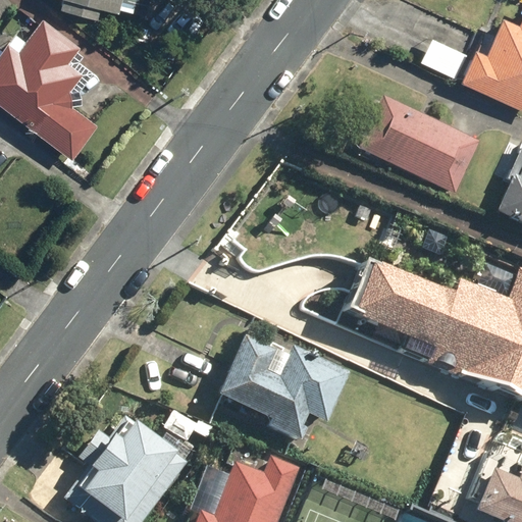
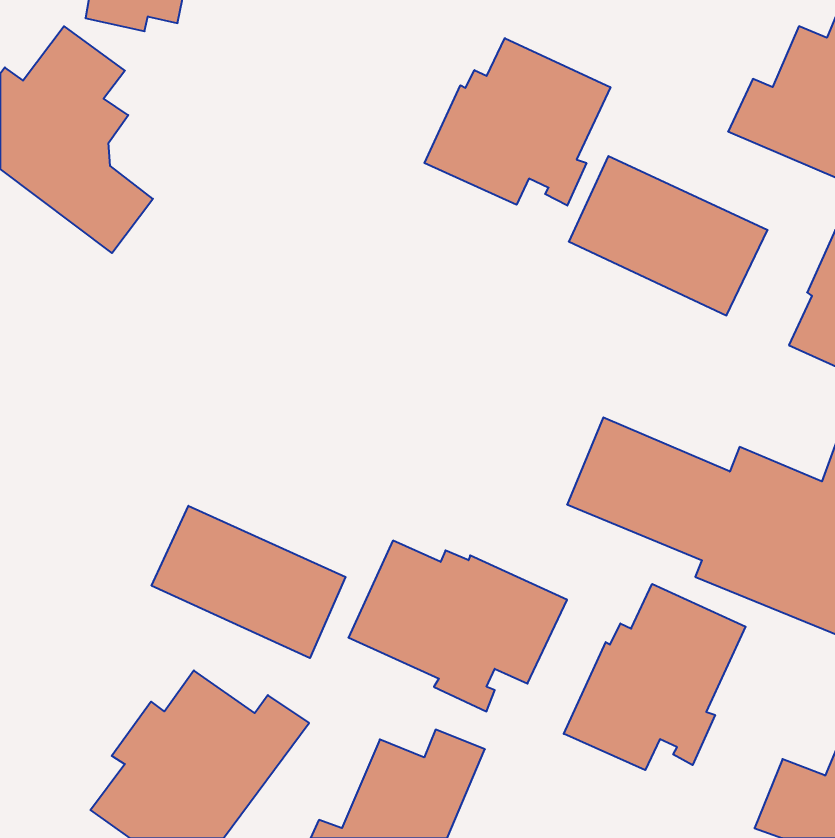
building: none -> [424,38,610,206]
building: none -> [152,506,346,658]
building: none -> [564,584,746,770]

